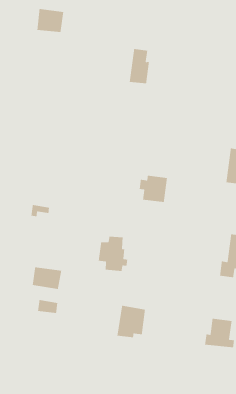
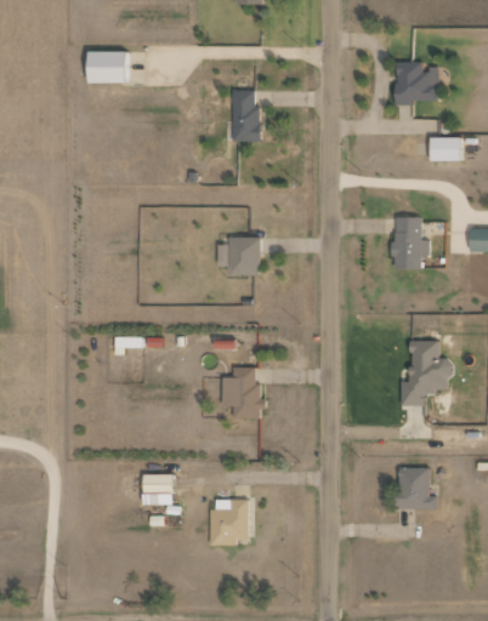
building: [139,175,168,203] -> [220,238,260,275]
building: [32,266,62,290] -> none
building: [117,305,146,338] -> [211,500,249,546]

